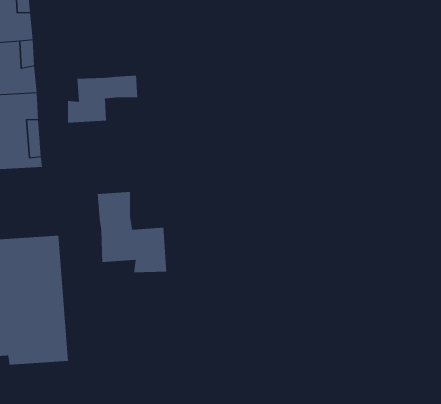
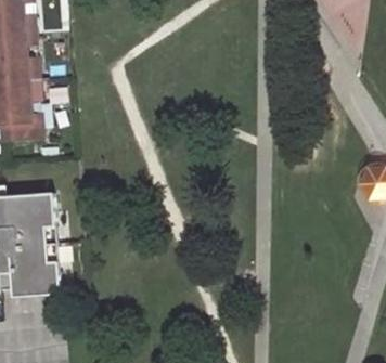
building: [67,75,138,123] -> none
building: [97,191,167,273] -> none

